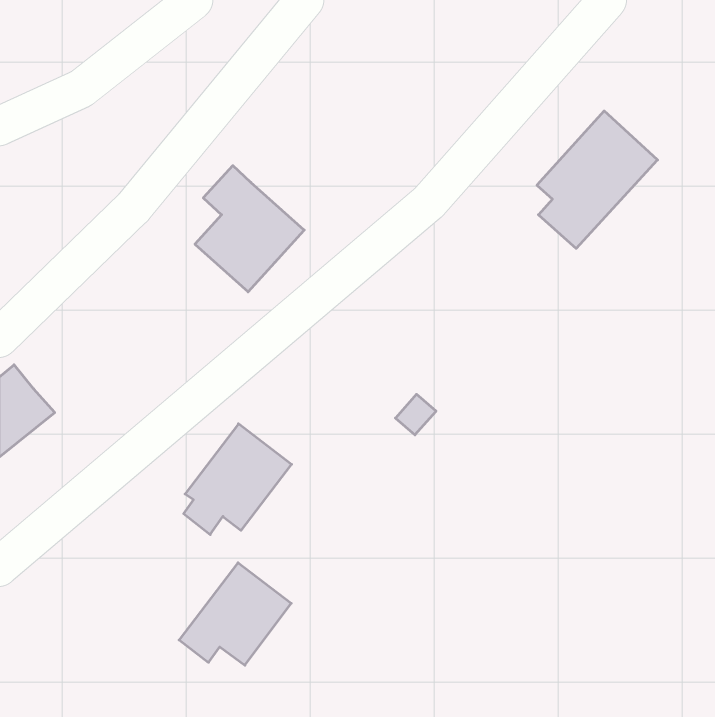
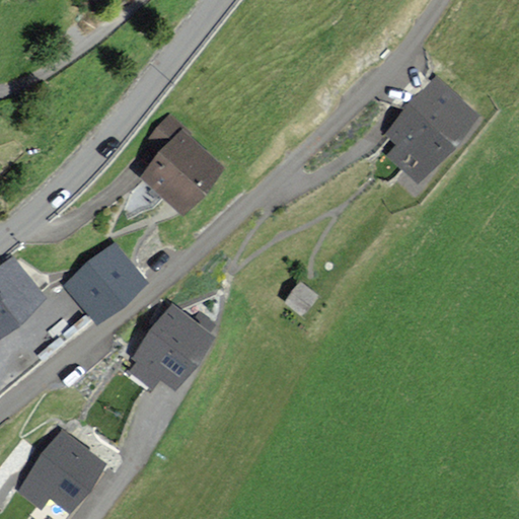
building: none -> [67,247,142,318]
building: [179,563,291,665] -> [20,435,101,509]

